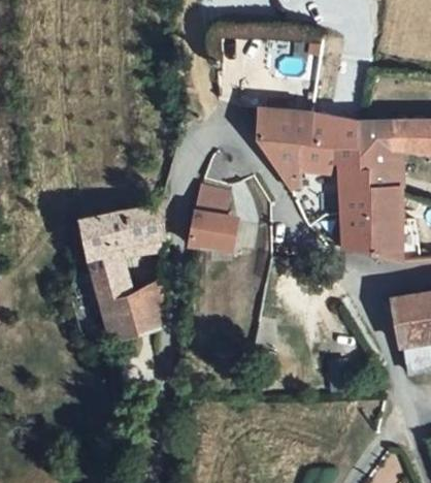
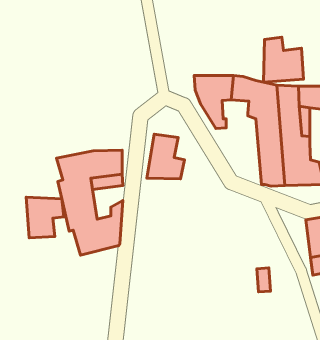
building: none -> [264,37,303,82]
building: [291,141,325,167] -> none
building: none -> [26,197,64,238]

